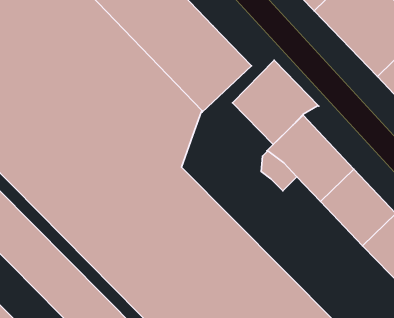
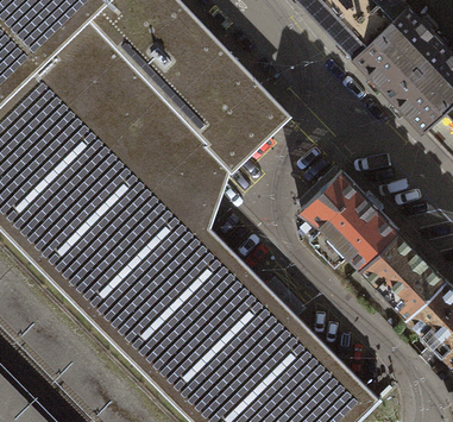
building: [232,60,319,145] -> none

